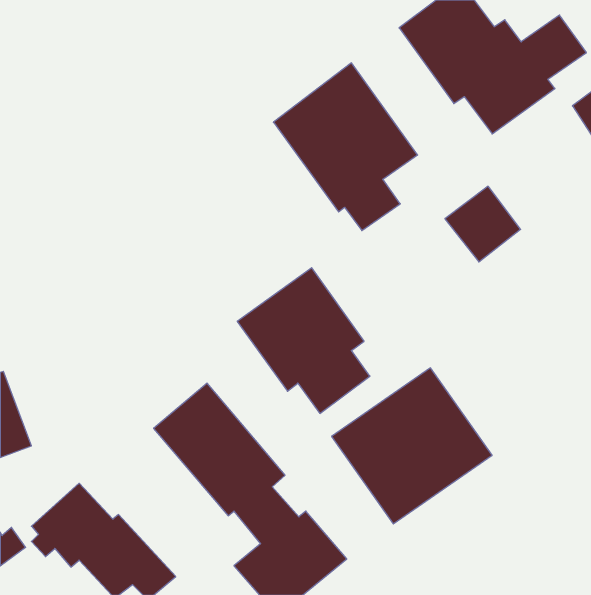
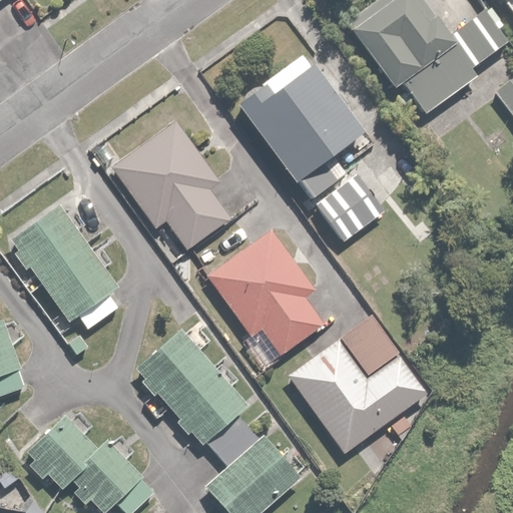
building: none -> [113,119,233,251]
building: [445,186,521,262] -> [319,177,384,242]
building: none -> [13,207,121,331]

